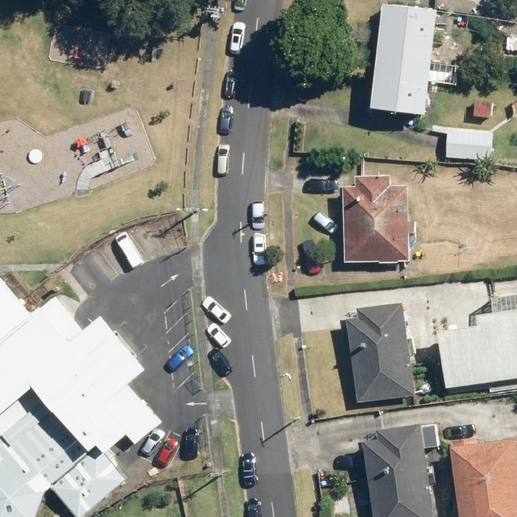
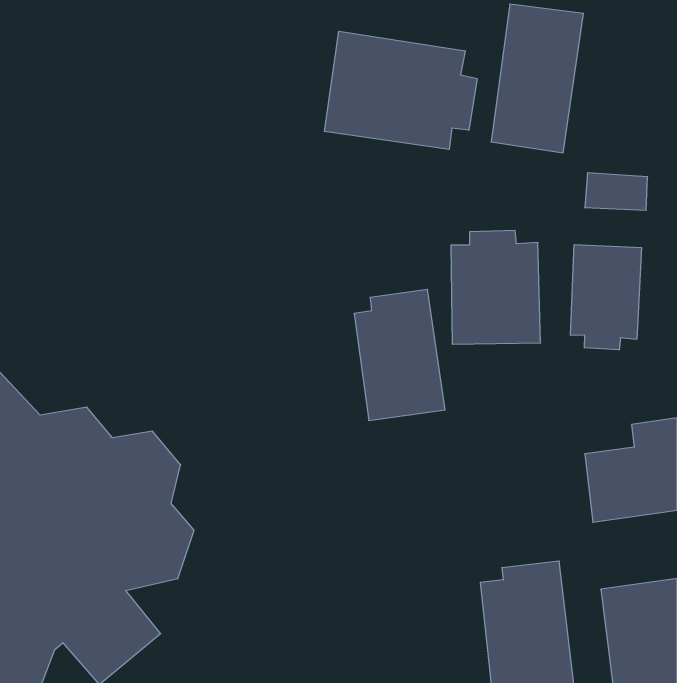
building: none -> [325,31,477,149]
building: none -> [571,245,642,350]
building: [345,302,414,401] -> [354,289,445,421]

